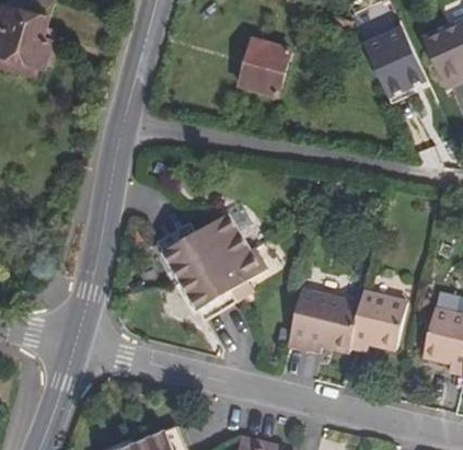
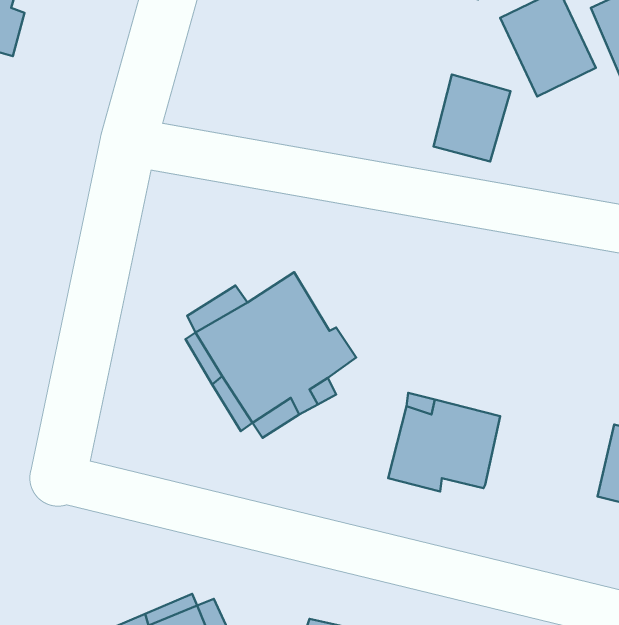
building: [239,37,289,94] -> [433,74,510,161]
building: [352,292,409,353] -> none

